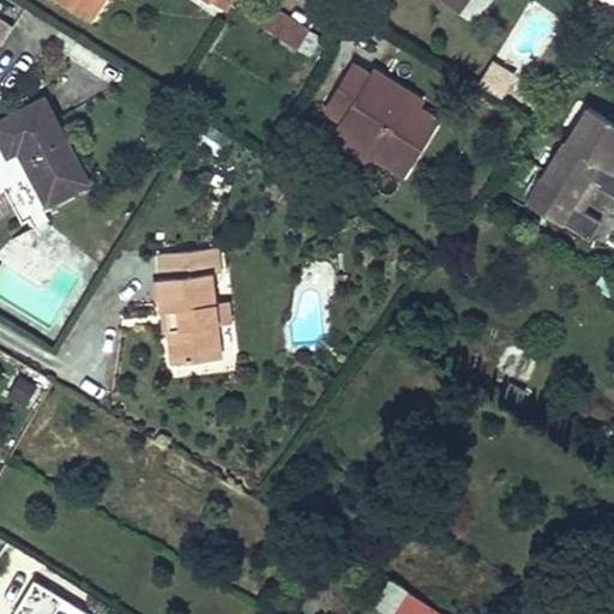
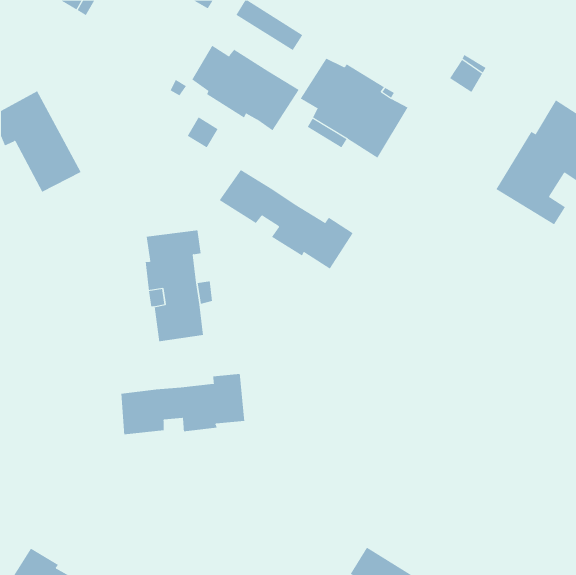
building: none -> [191,45,300,131]
building: none -> [219,169,354,270]
building: none -> [121,373,245,435]

